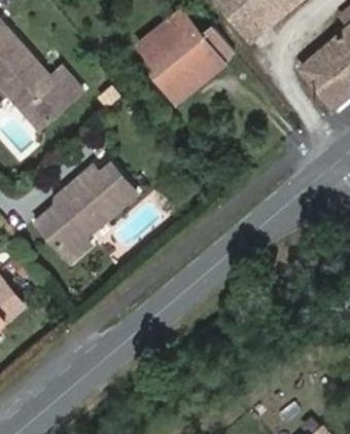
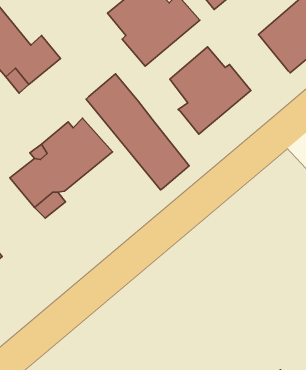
building: none -> [170,47,251,134]
building: none -> [86,74,189,190]

